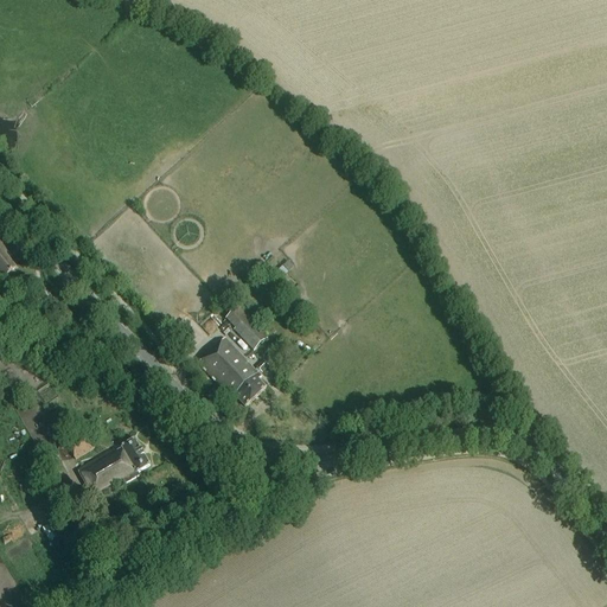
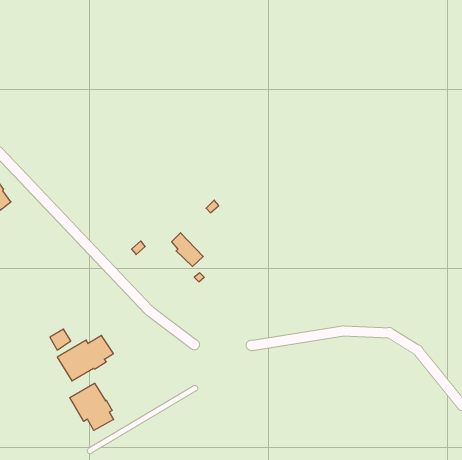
building: [196,334,263,403] -> none
building: none -> [70,383,114,430]

